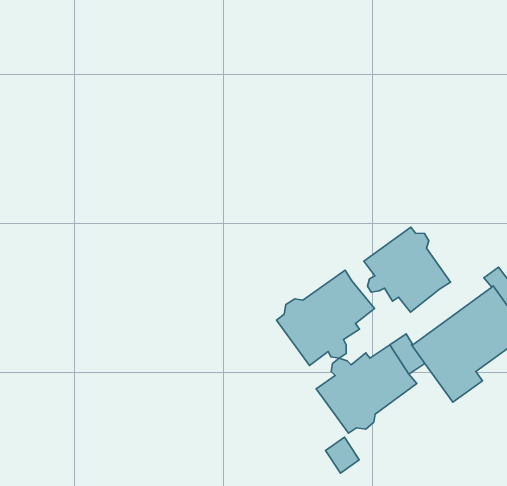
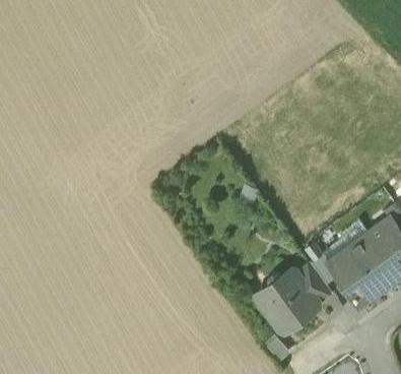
building: [364,227,450,312] -> none
building: [277,270,375,365] -> none

